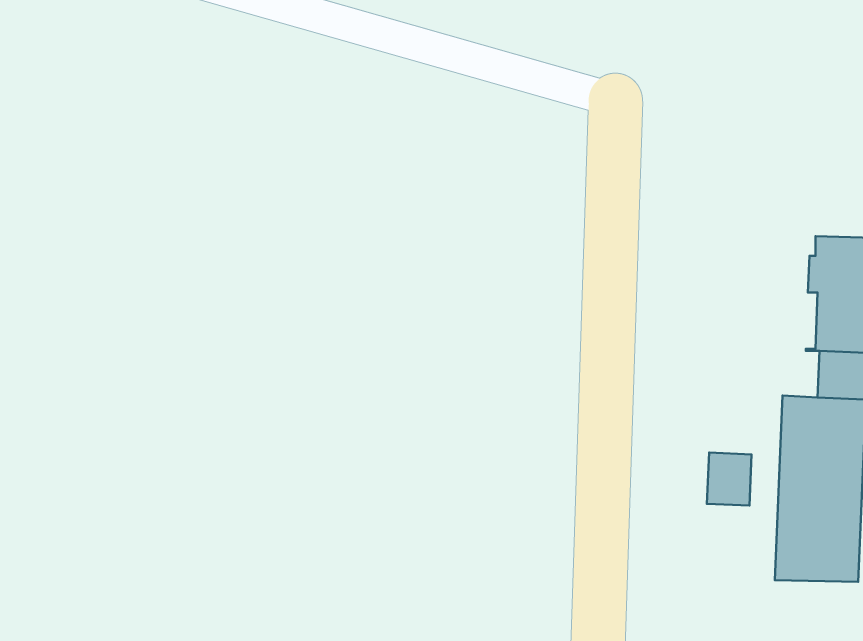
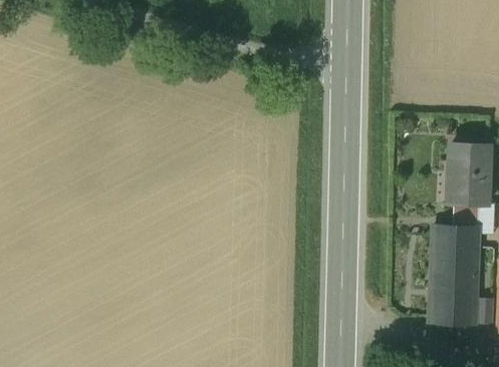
building: [707,453,752,506] -> none

